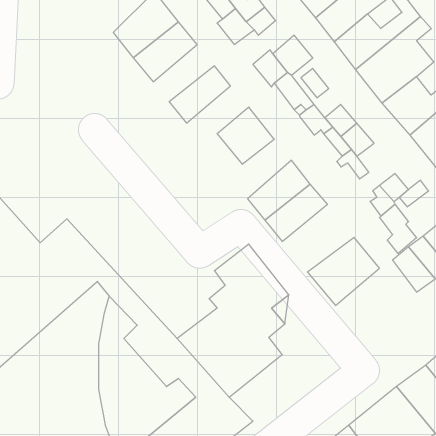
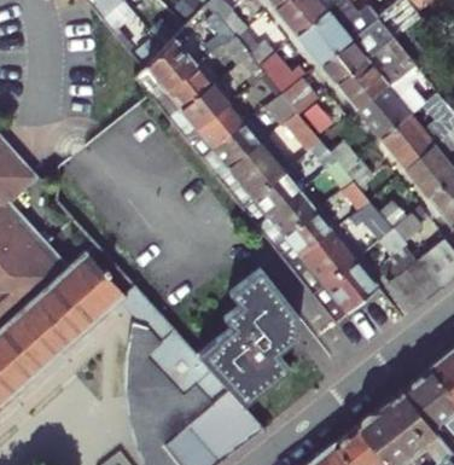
building: none -> [174,85,229,136]
building: none -> [204,122,261,176]
building: none -> [251,170,299,225]
building: none -> [291,229,356,291]

